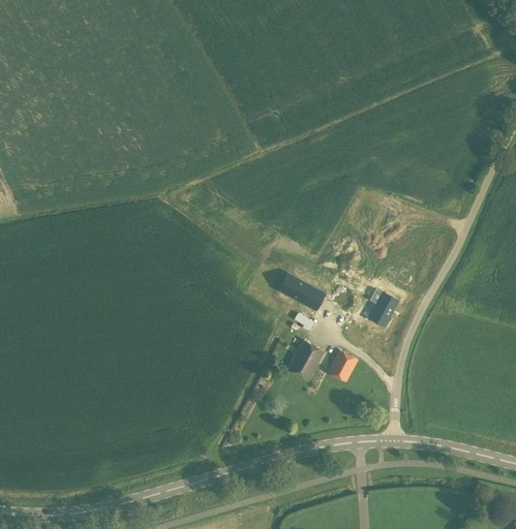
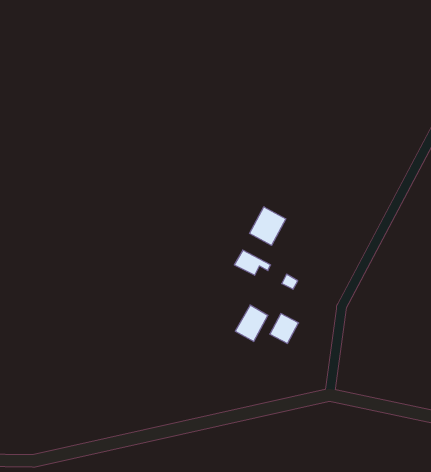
building: none -> [250,207,286,245]
building: [368,290,397,324] -> none

